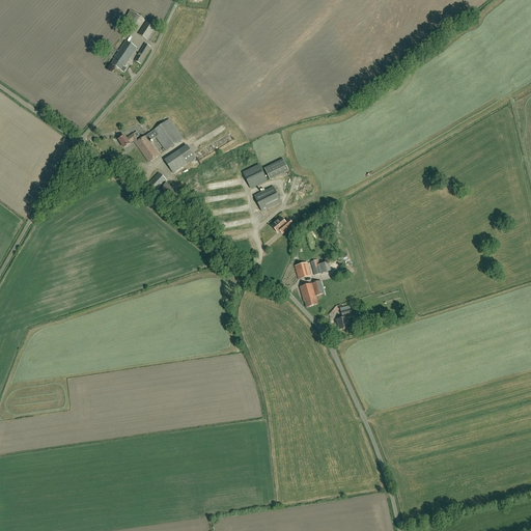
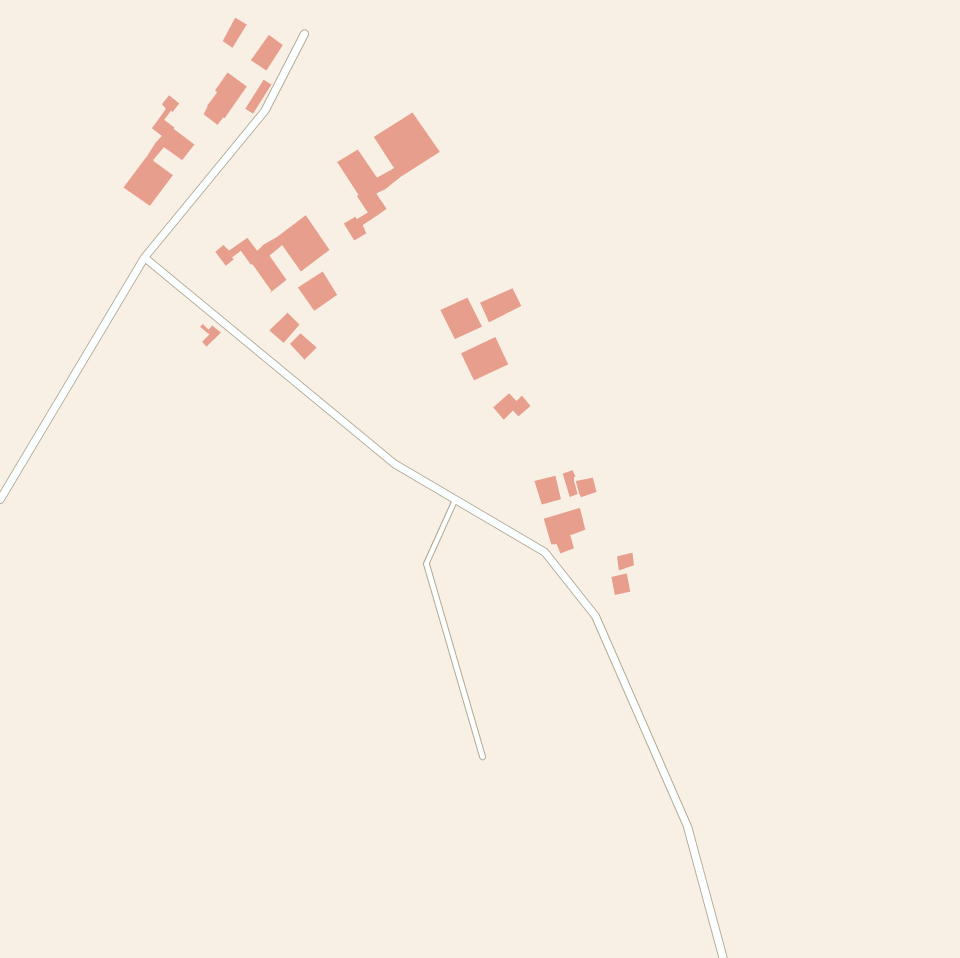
building: none -> [123,94,196,207]
building: none -> [334,111,441,242]

